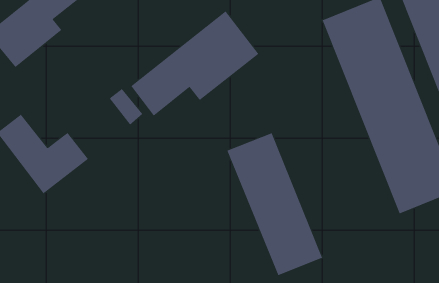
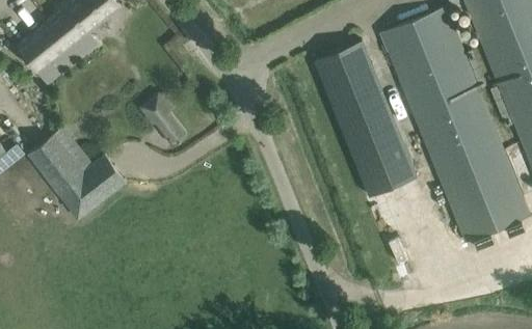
building: [130,11,259,116] -> none
building: [226,132,323,276] -> [313,40,418,196]

